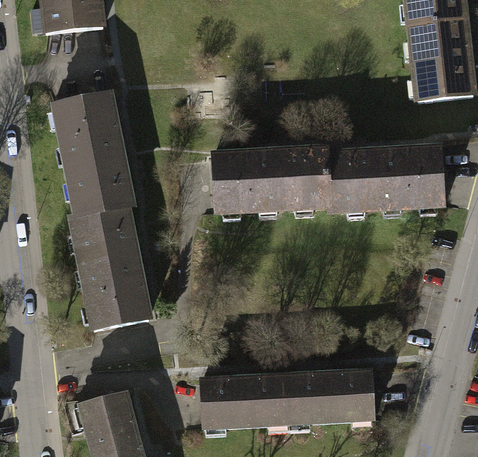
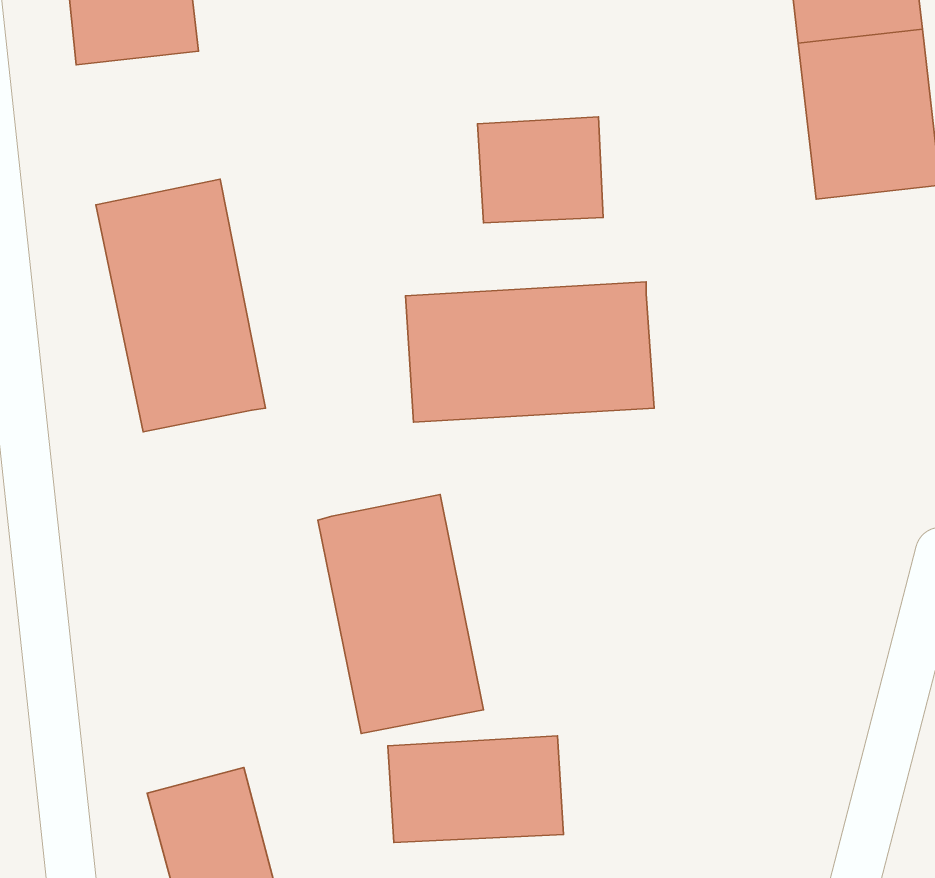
building: none -> [478,117,603,223]
building: [329,143,445,213] -> none
building: [67,209,151,330] -> [318,495,484,733]
building: [284,370,372,424] -> none

